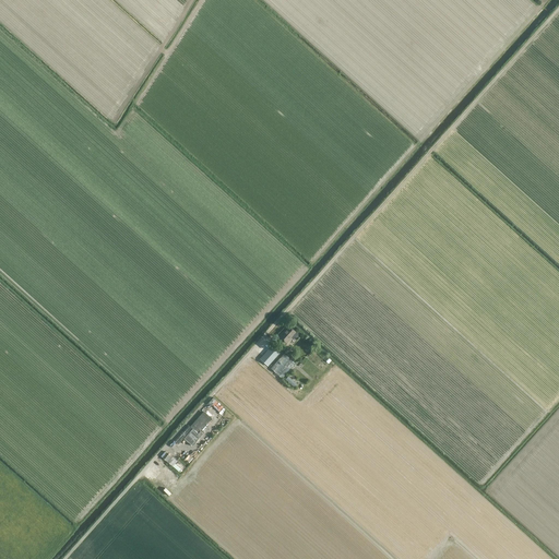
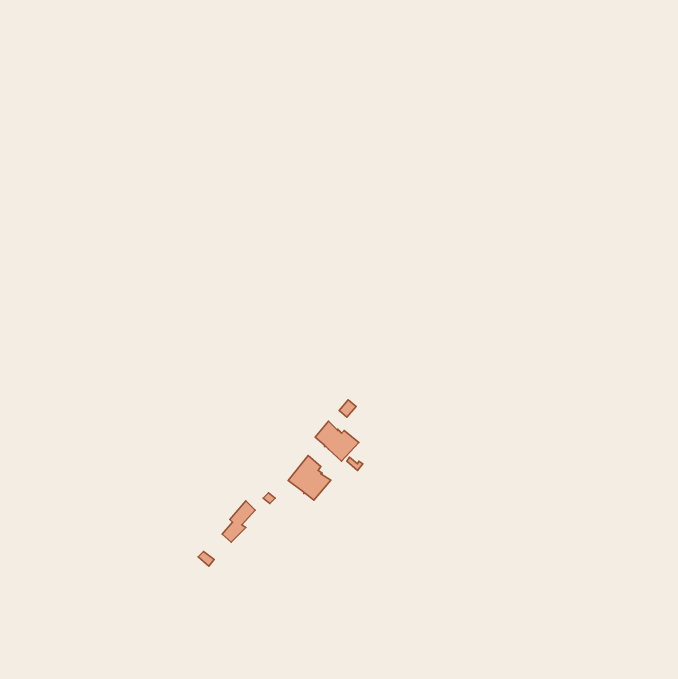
building: none -> [288,455,331,500]

